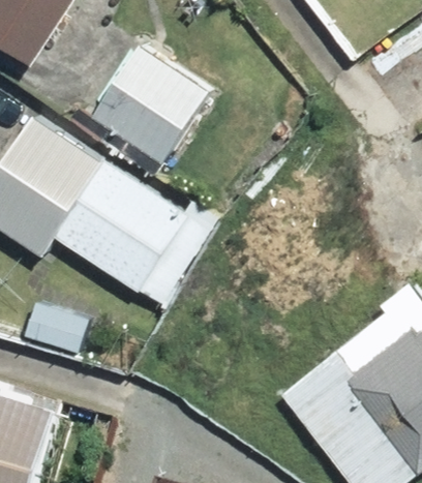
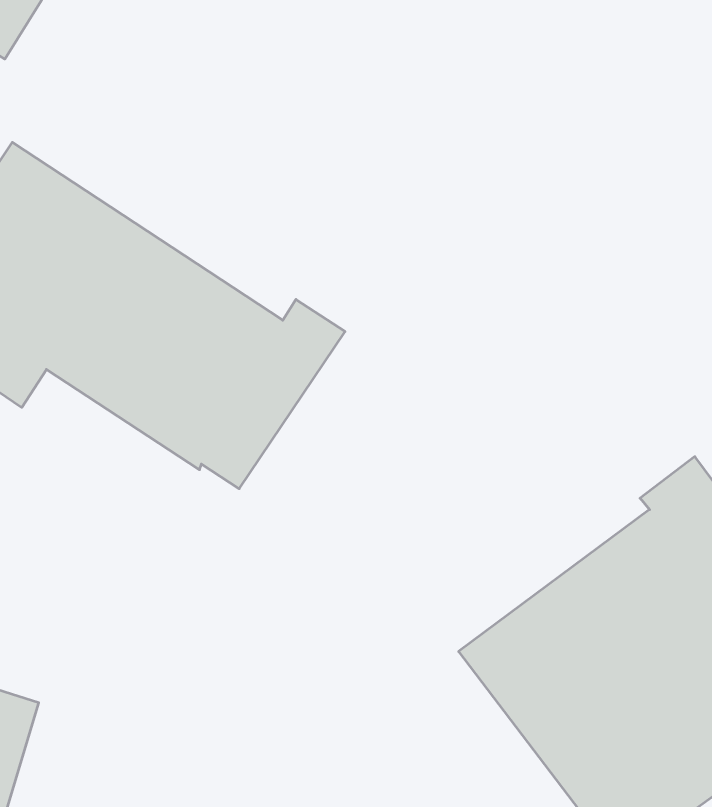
building: [90,46,209,164] -> none

